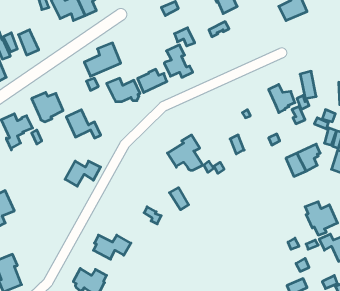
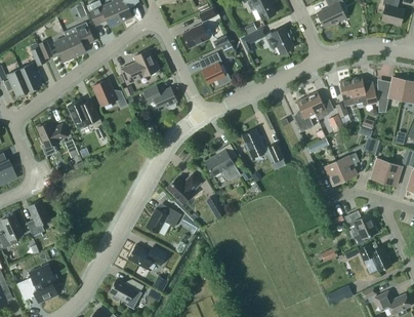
building: none -> [64,22,94,56]
building: none -> [268,27,294,53]
building: none -> [350,76,375,105]
building: [138,69,167,93] -> [183,24,213,47]
building: none -> [294,96,315,131]
building: [66,110,101,138] -> [92,78,127,107]
building: none -> [242,128,266,157]
building: [65,161,101,186] -> [146,207,181,233]
building: none -> [167,173,201,203]

